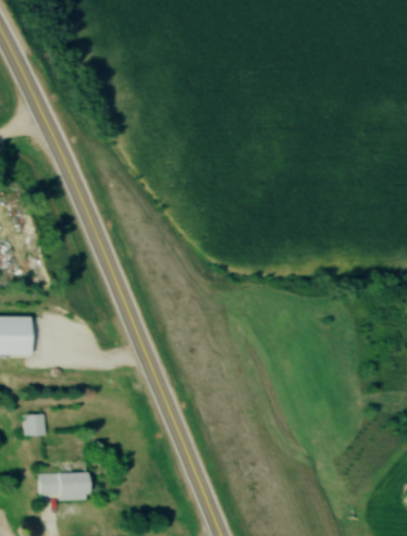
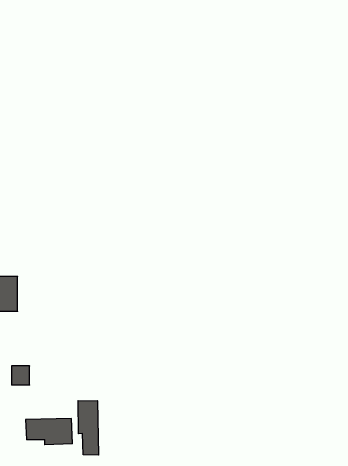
building: none -> [78,401,99,455]

